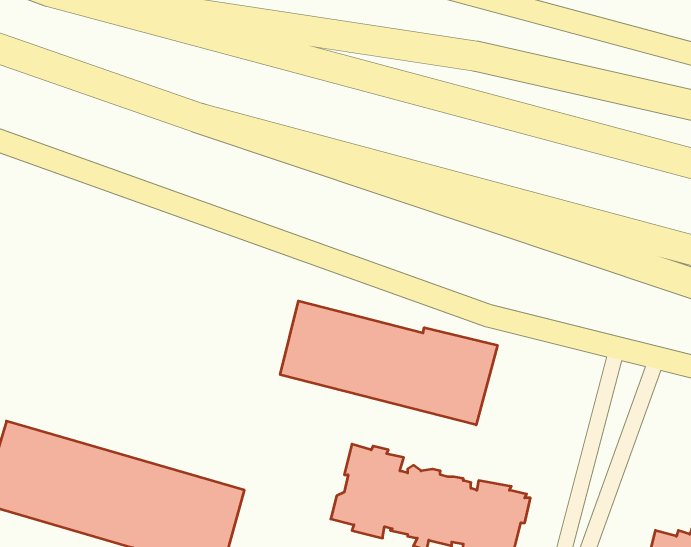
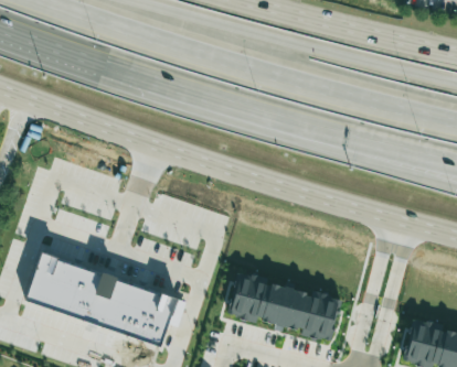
building: [280,301,497,425] -> none

